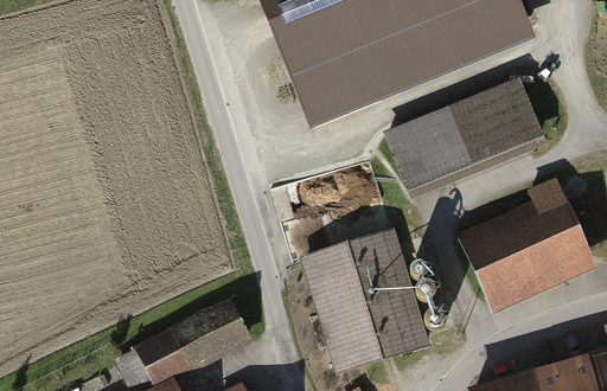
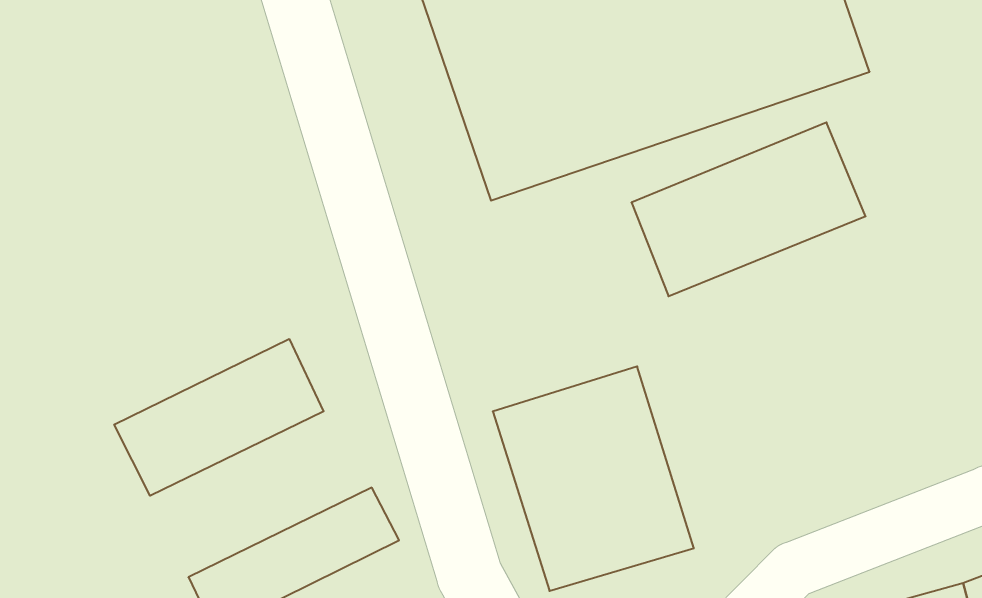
building: [461,178,588,295] -> none
building: none -> [114,339,324,496]

